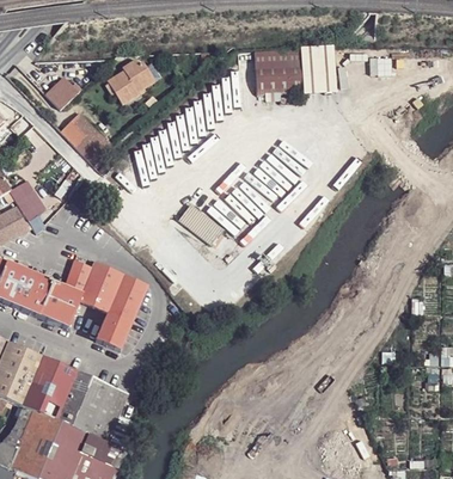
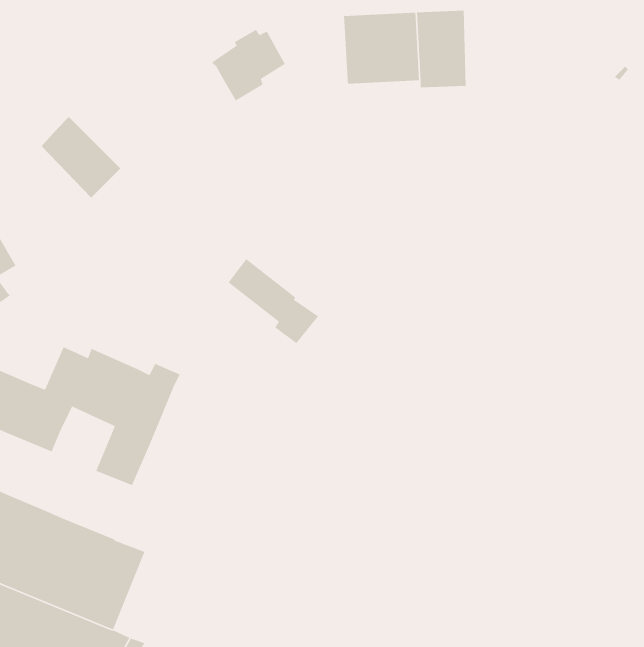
building: [105,57,153,104] -> [211,29,286,102]
building: [42,75,76,109] -> none

